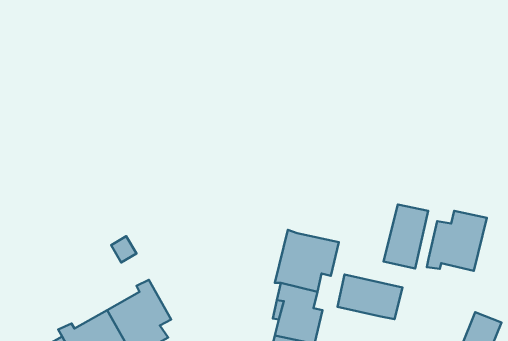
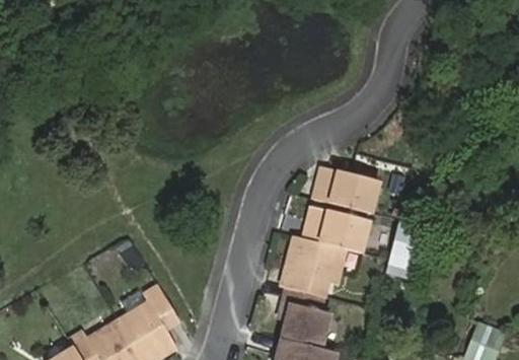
building: none -> [316,174,377,217]
building: [427,211,487,271] -> none
building: [338,274,403,319] -> [304,211,369,256]

